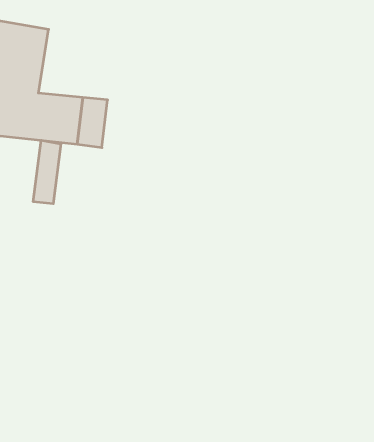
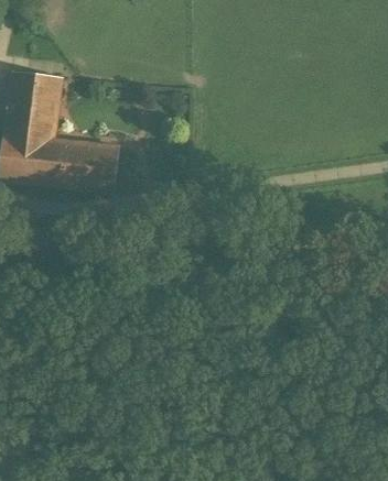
building: [33,140,61,204] -> none

